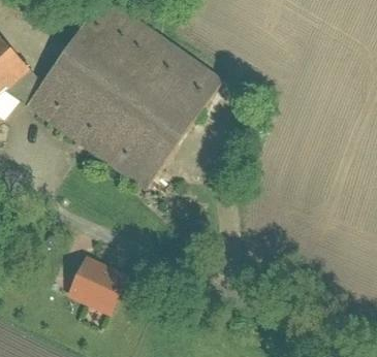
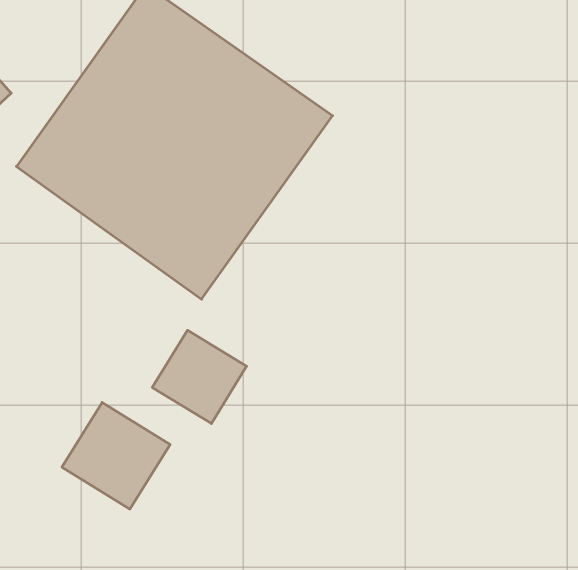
building: none -> [152,330,247,424]

